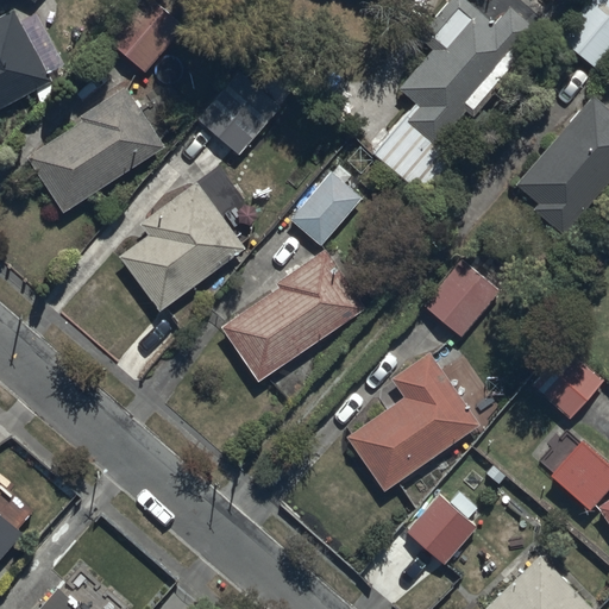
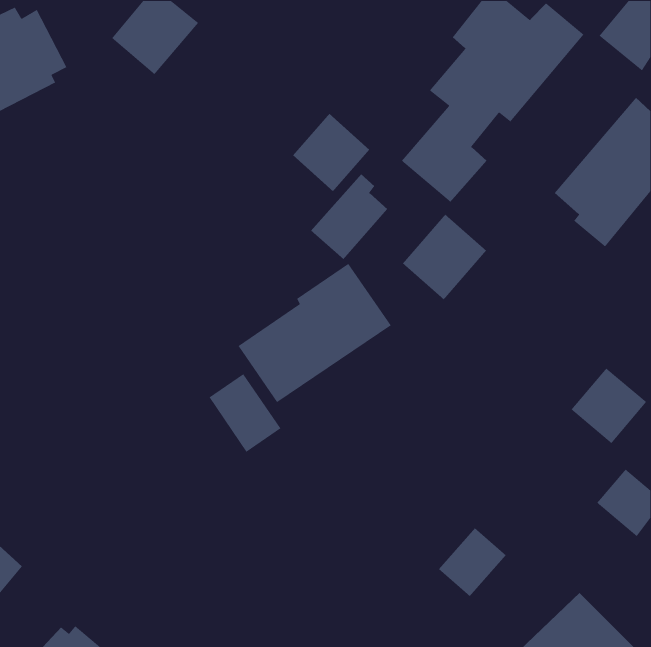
building: [207,73,280,146] -> [292,113,370,192]
building: [26,88,164,213] -> none
building: [120,183,246,312] -> none
building: [422,259,502,340] -> [402,214,487,300]
building: [347,352,479,491] -> none
building: none -> [208,373,282,453]

